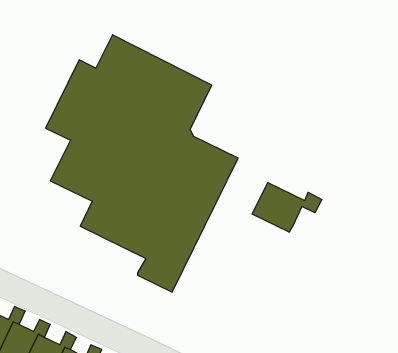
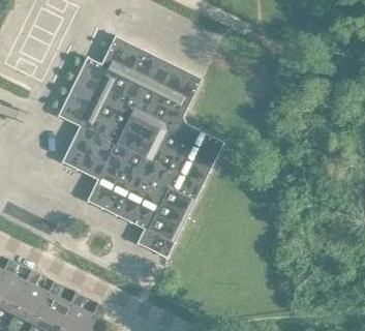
building: [252,182,322,232] -> none

